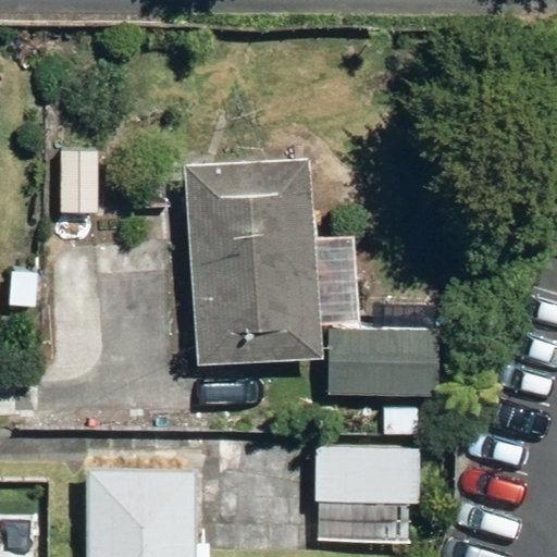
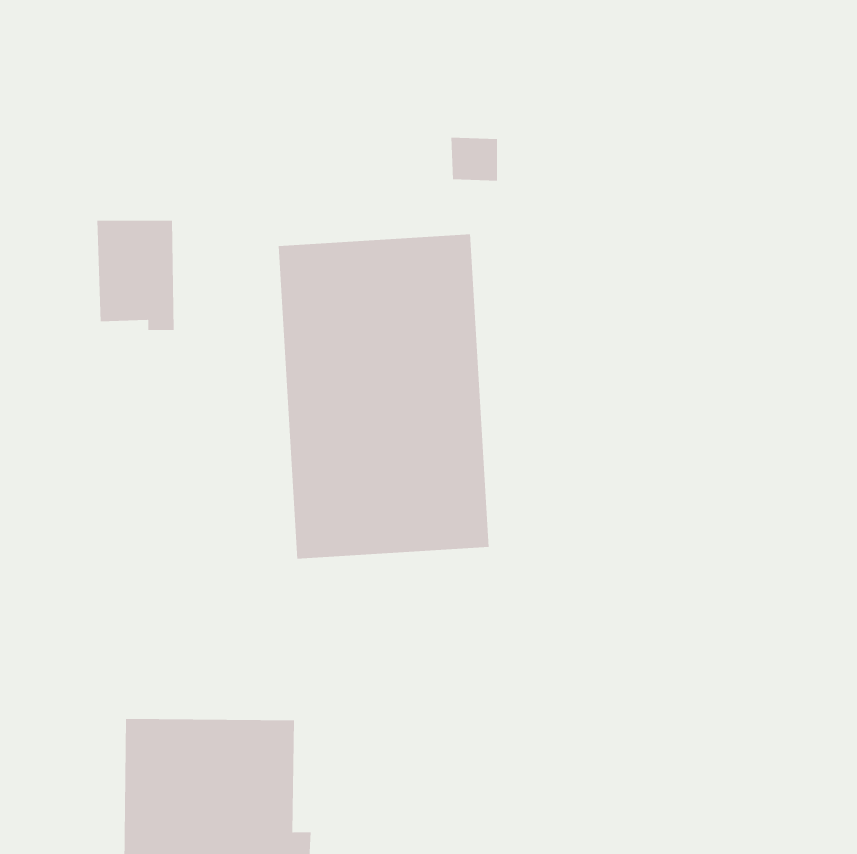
building: [326,308,437,395] -> none
building: [314,449,419,544] -> none

